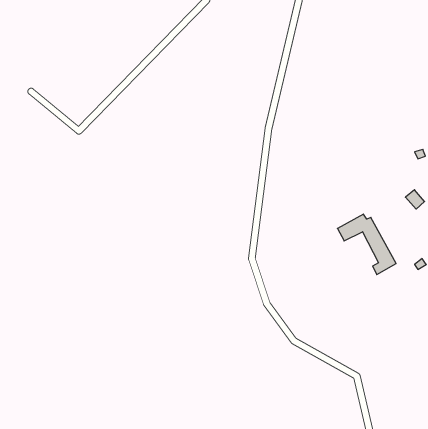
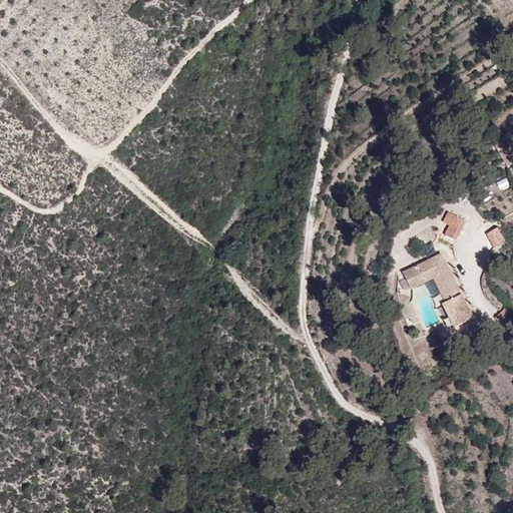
building: none -> [442,212,465,241]

